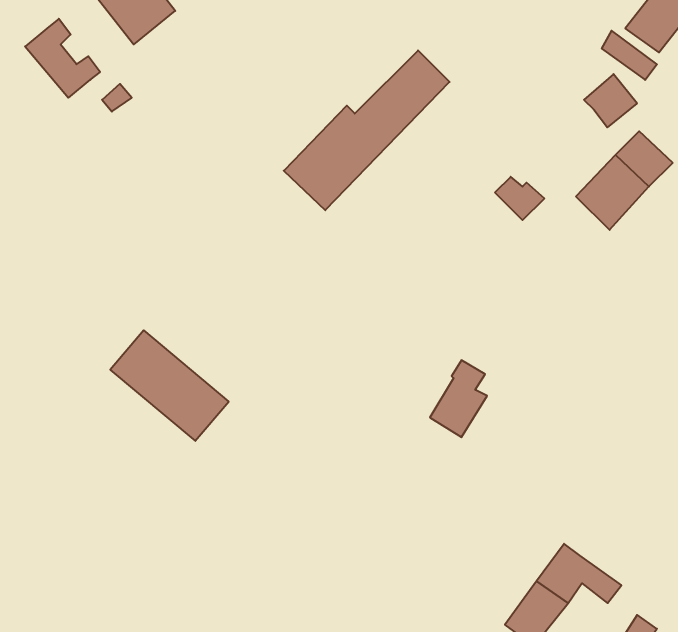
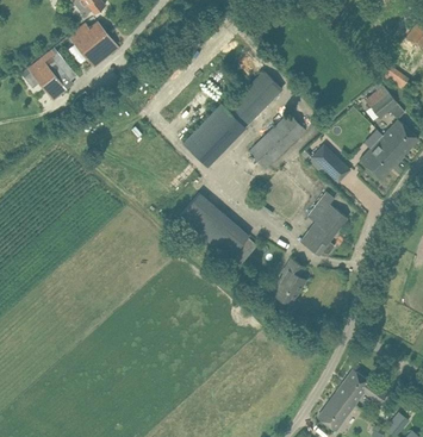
building: none -> [248,112,305,168]
building: none -> [300,191,346,254]
building: [110,330,229,441] -> [178,193,249,260]

